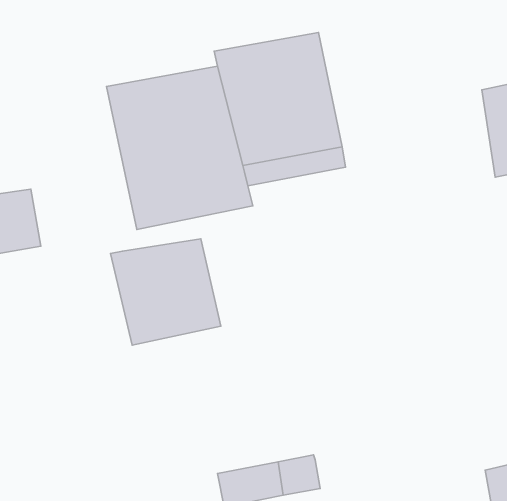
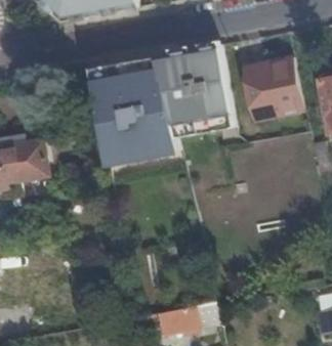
building: none -> [238,57,302,121]
building: [111,239,221,345] -> none

